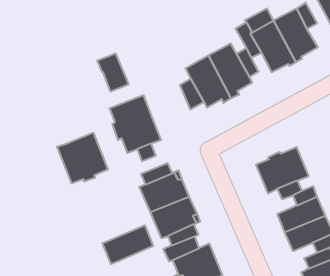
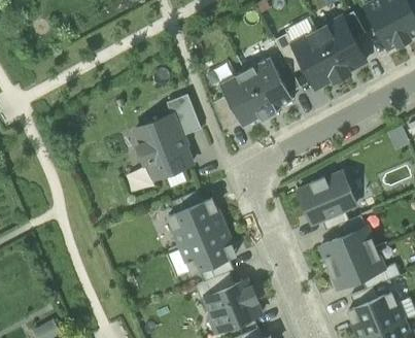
building: [97,53,129,91] -> [167,94,202,136]
building: [57,133,108,184] -> none
building: [103,225,153,264] -> none

